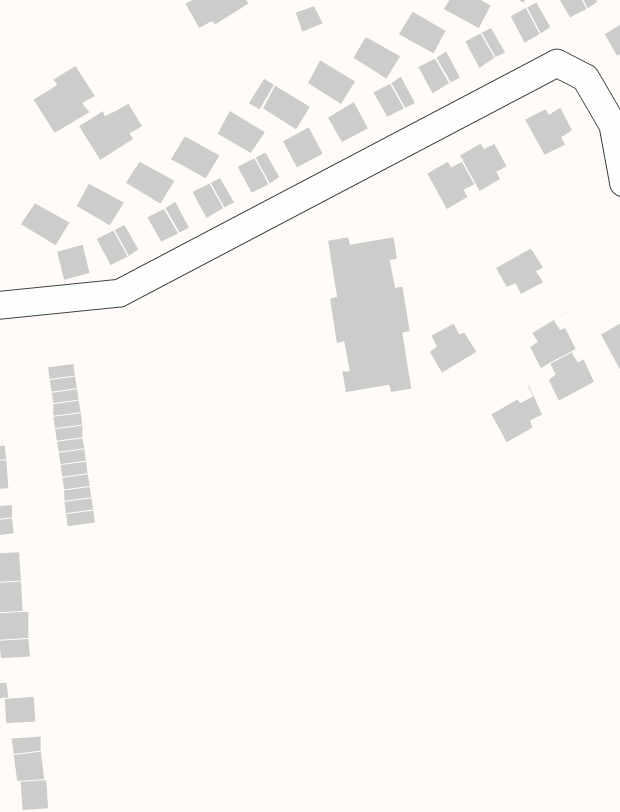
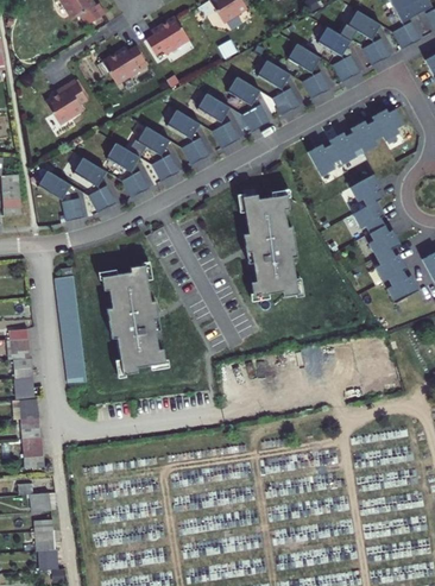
building: [78,103,143,161] -> [103,46,146,84]
building: none -> [348,115,383,151]
building: none -> [348,172,380,213]
building: [429,323,478,374] -> [366,222,398,256]
building: none -> [100,264,166,374]
building: [490,384,543,443] -> none

